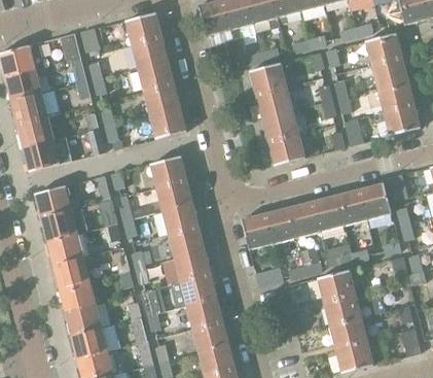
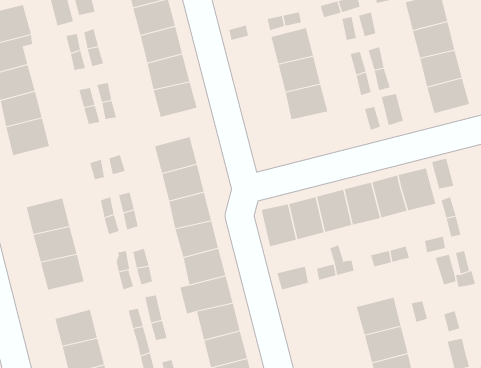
building: [266,134,304,166] -> none
building: [34,185,79,216] -> none
building: [316,270,355,302] -> none
building: [58,280,95,312] -> none

